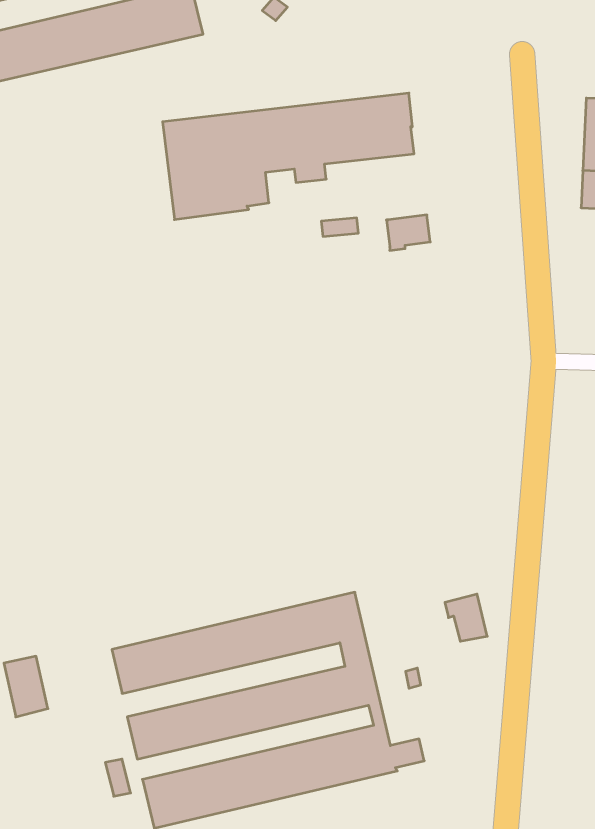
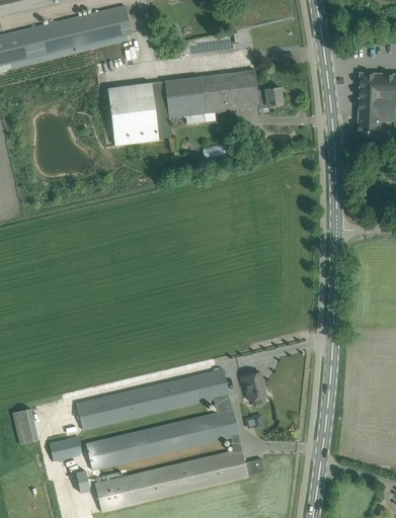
building: [386,215,430,250] -> [256,87,283,108]
building: [445,594,487,641] -> [241,371,266,400]
building: none -> [49,436,81,461]

